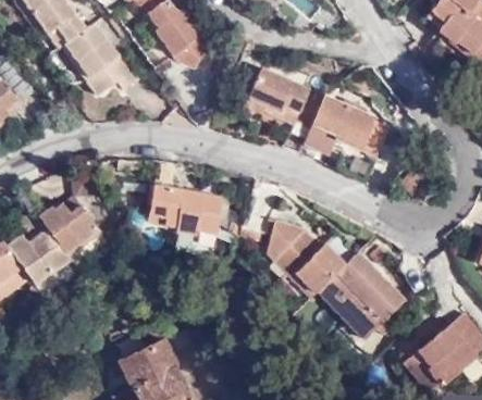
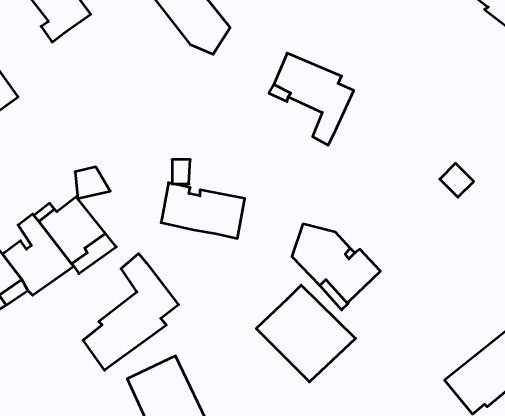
building: [64,27,137,98] -> none
building: [304,95,388,154] -> none
building: none -> [83,254,179,370]
building: [318,251,407,338] -> [256,285,356,382]

